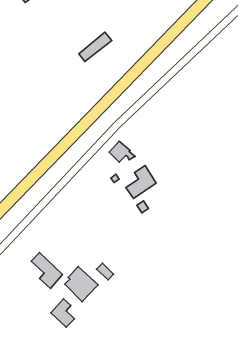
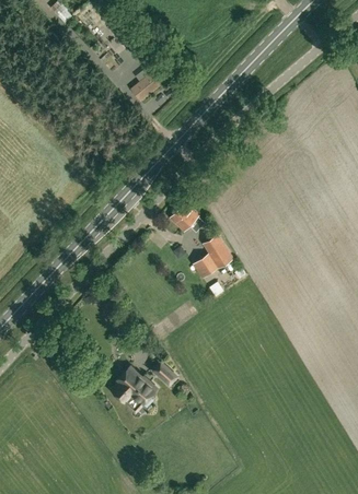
building: [31,253,63,288] -> none
building: [51,299,75,327] -> none

